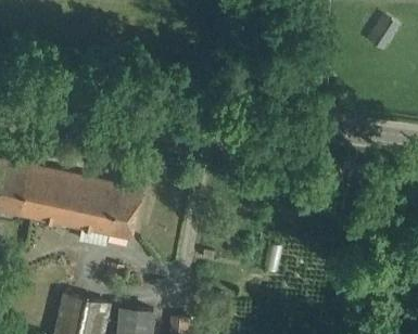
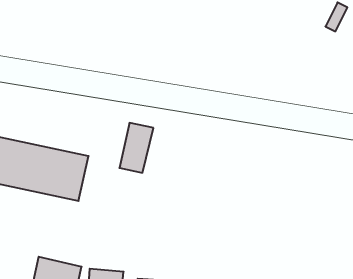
building: [105,184,142,239] -> [119,123,153,173]

